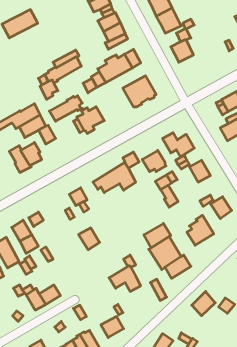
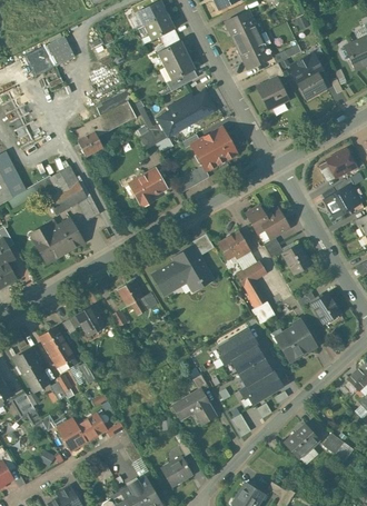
building: none -> [290,56,327,99]
building: [49,96,82,121] -> none
building: [79,228,100,250] -> [76,306,105,336]

